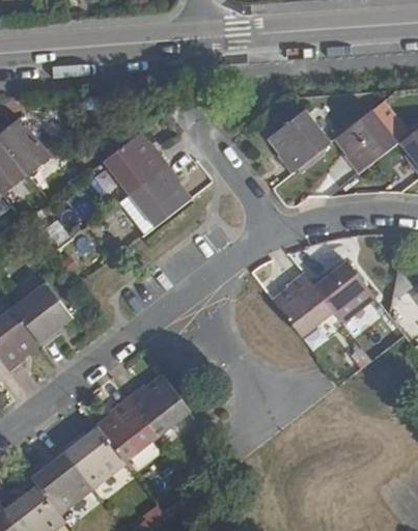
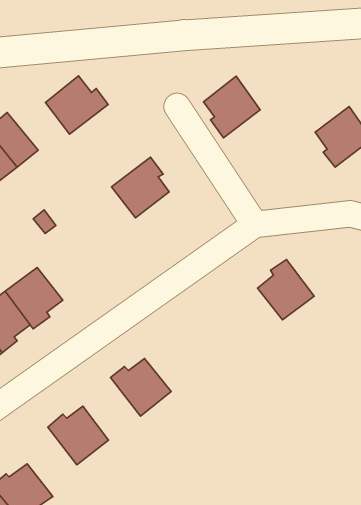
building: [273,110,332,174] -> [203,76,260,138]
building: [102,135,167,196] -> [46,76,108,134]
building: [315,260,378,319] -> none
building: [96,395,157,460] -> none
building: [31,447,90,511] -> none

